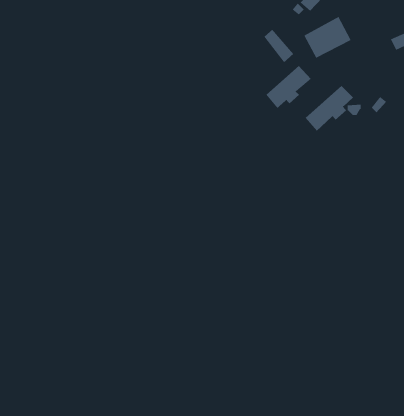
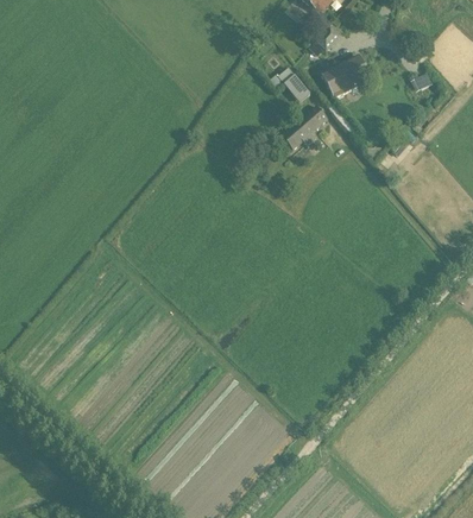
building: [305,85,354,132] -> none

